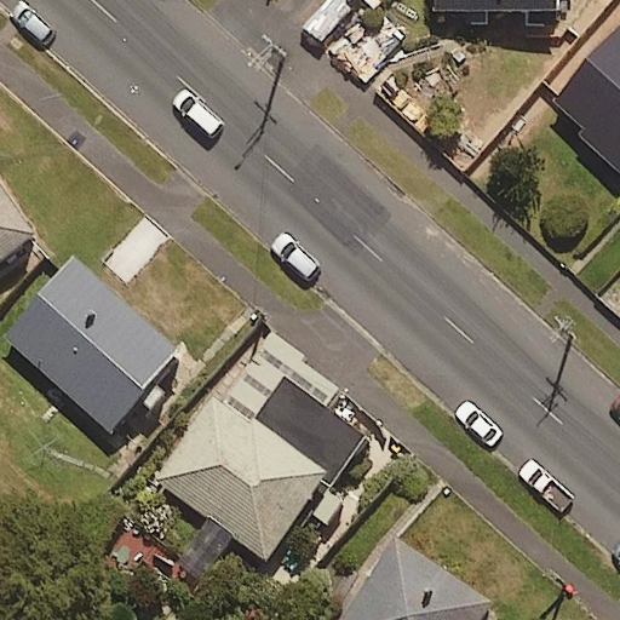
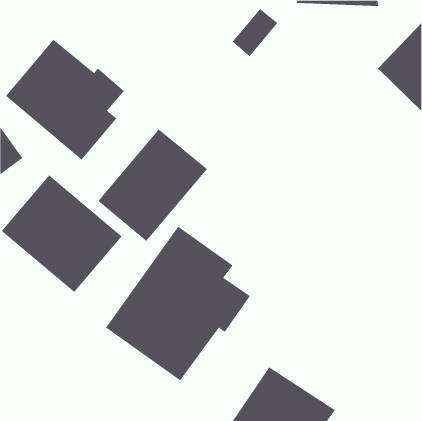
building: none -> [5,39,125,161]
building: none -> [97,128,208,242]

